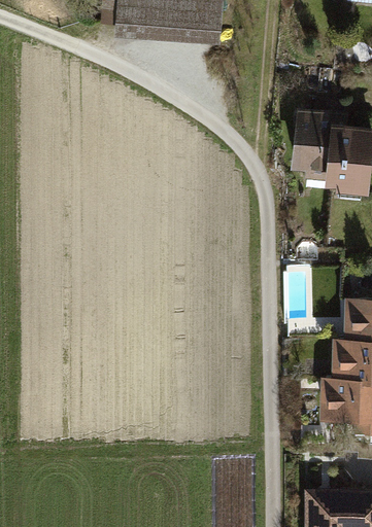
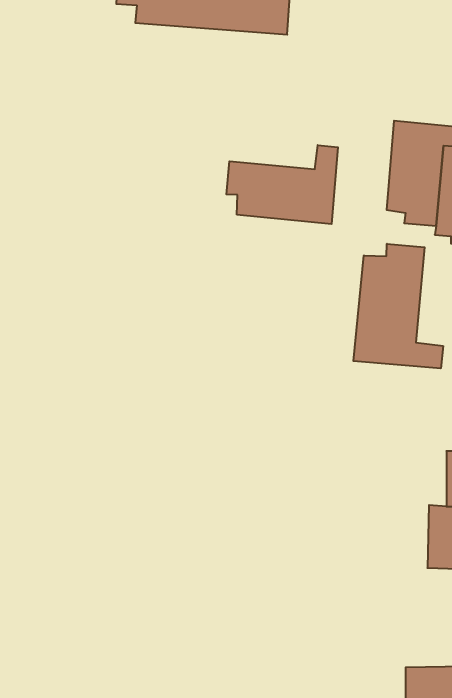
building: none -> [226,145,338,224]
building: none -> [353,244,443,368]

